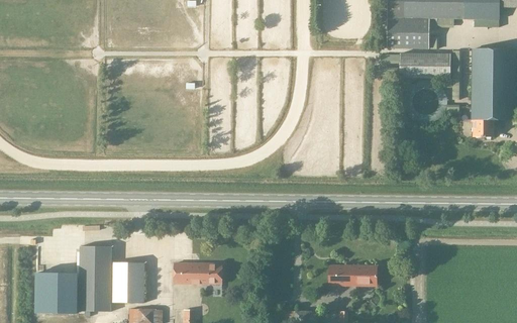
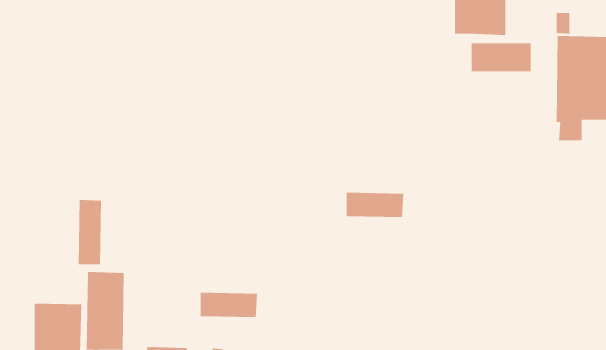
building: none -> [78,199,101,265]
building: [114,262,145,303] -> none
building: [329,264,378,286] -> [346,192,404,218]

